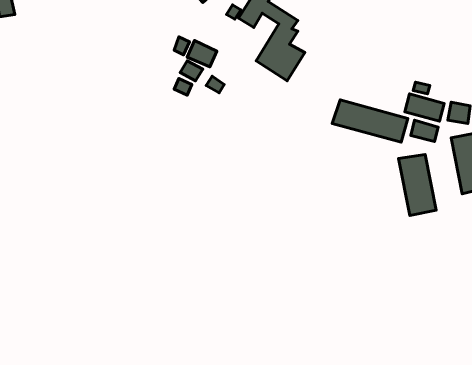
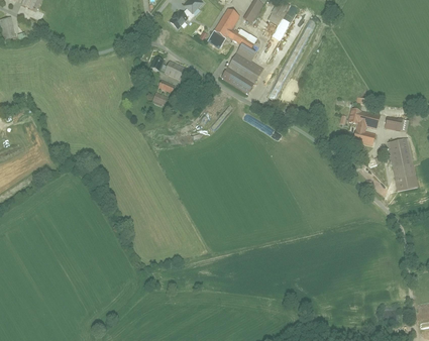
building: [332,100,408,142] -> none
building: [398,154,436,215] -> none

